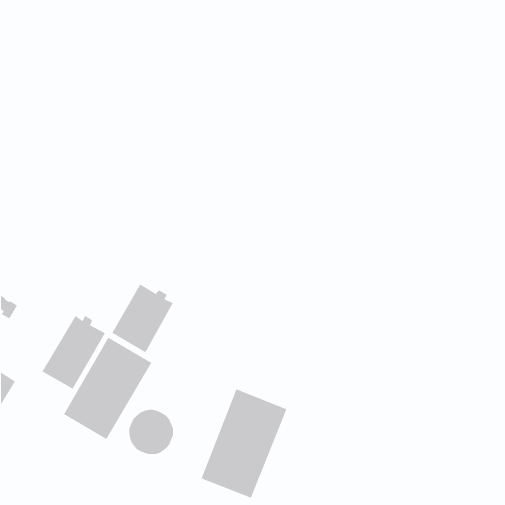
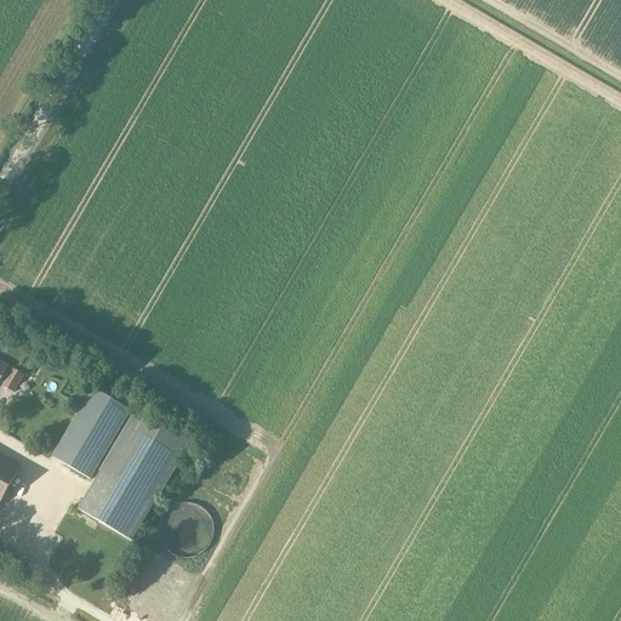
building: [111,284,174,353] -> none
building: [201,389,287,498] -> none

